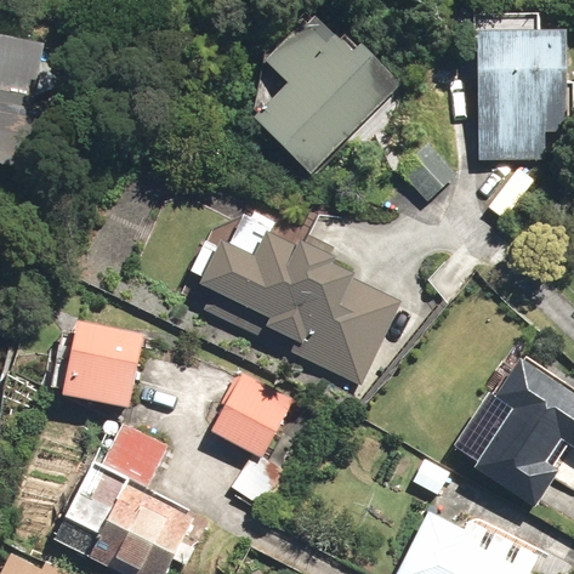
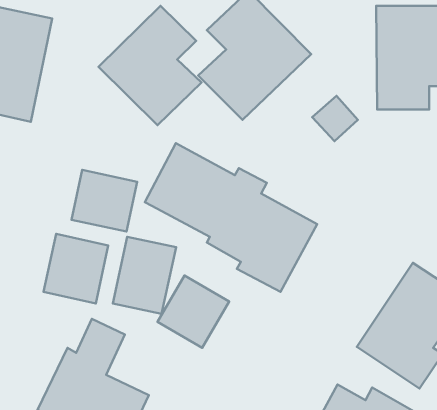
building: none -> [98,6,201,125]
building: none -> [72,170,137,232]
building: none -> [113,237,176,314]

